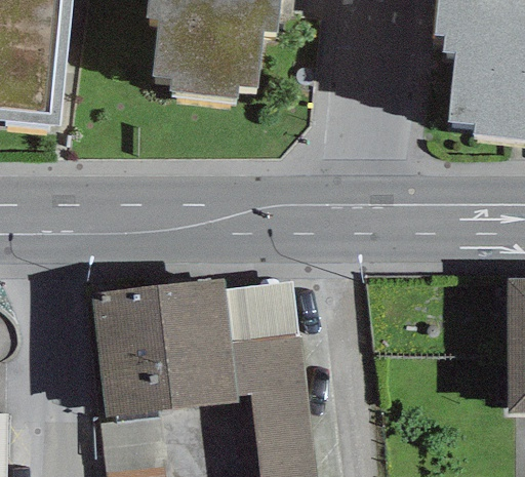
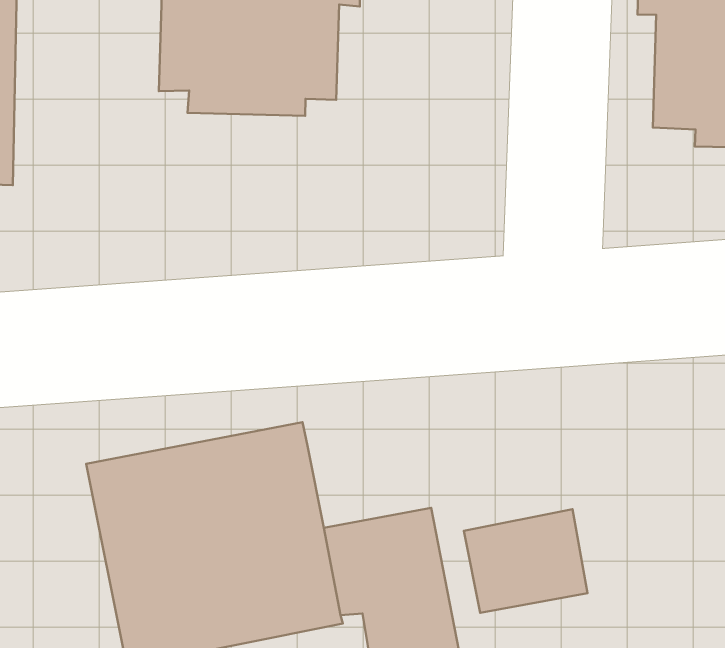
building: [227,283,298,342] -> [464,509,587,613]

